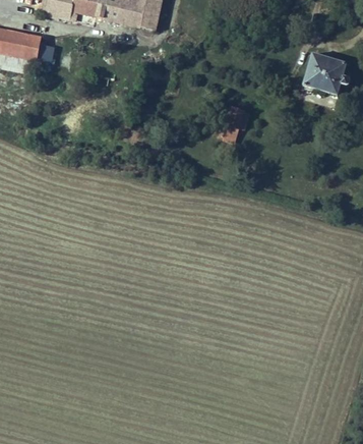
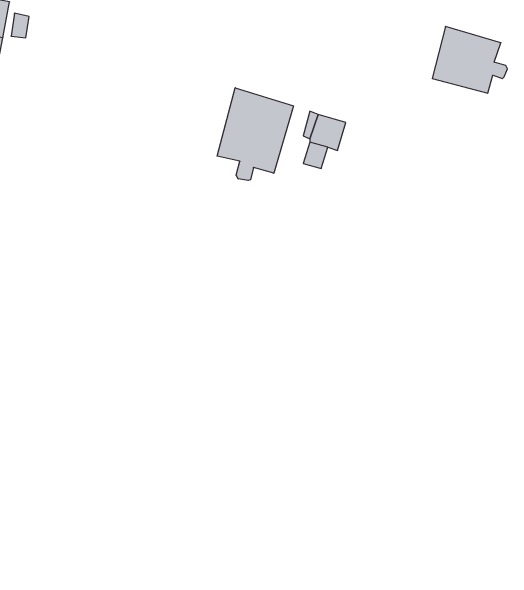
building: none -> [217,88,294,180]

